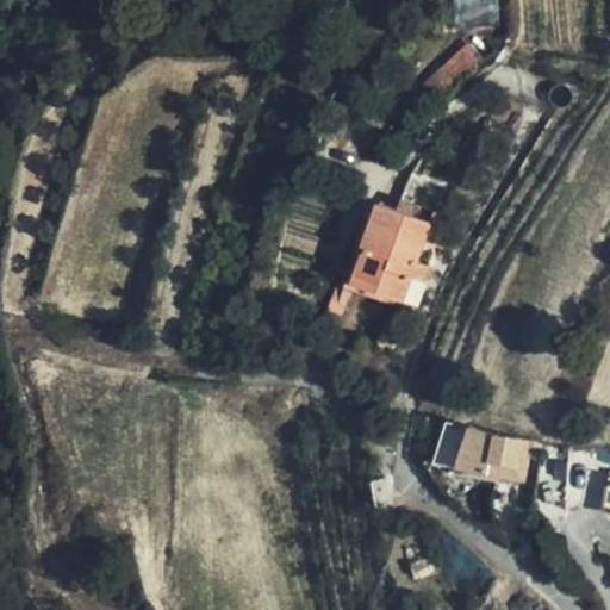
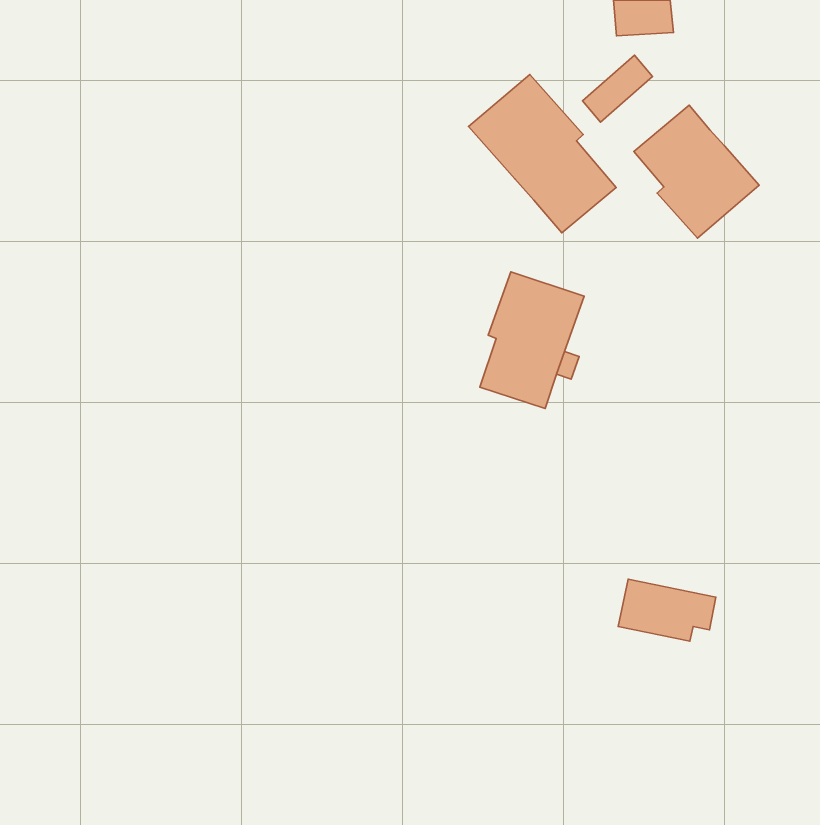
building: none -> [469,75,616,233]
building: none -> [634,105,759,238]

